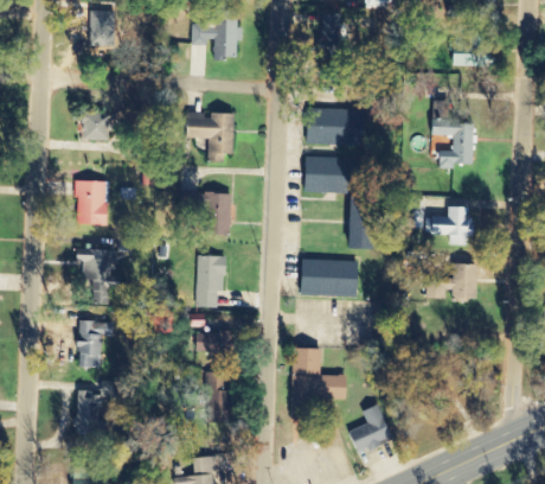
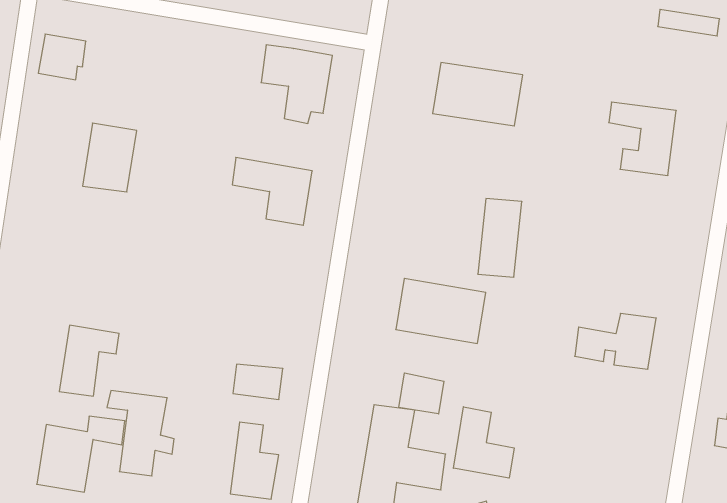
building: [83,112,113,140] -> [38,34,86,80]
building: [307,155,359,193] -> none
building: [425,205,473,244] -> none
building: [73,248,122,302] -> [107,391,174,476]
building: [194,255,227,307] -> none
building: none -> [399,373,444,414]
building: none -> [453,407,514,478]

